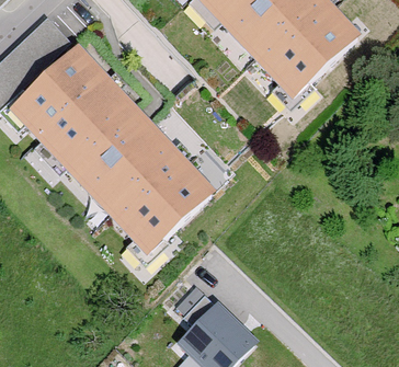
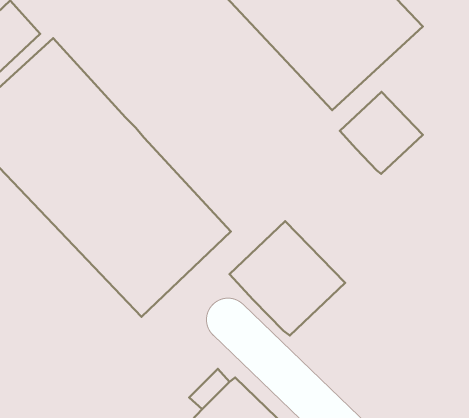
building: none -> [340,92,423,174]
building: none -> [230,221,345,336]

